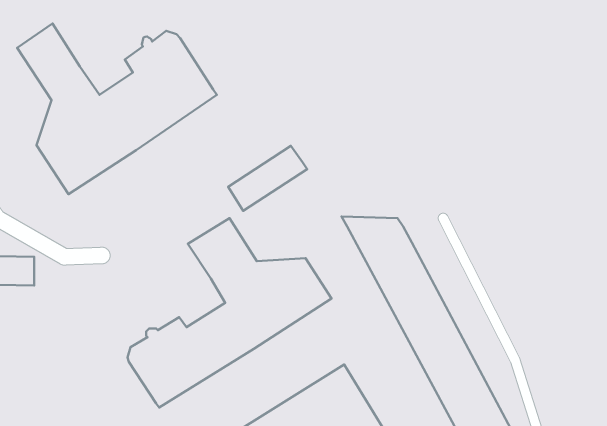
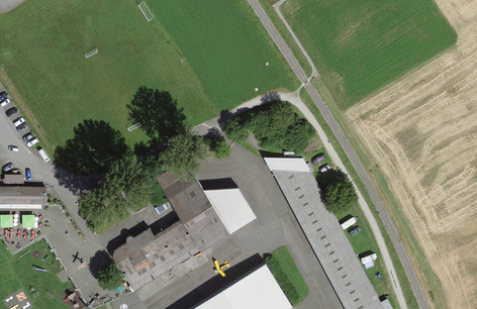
building: [17,23,217,194] -> none
building: [228,146,307,211] -> none

